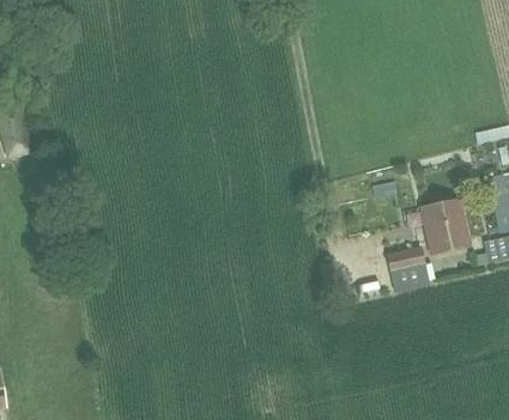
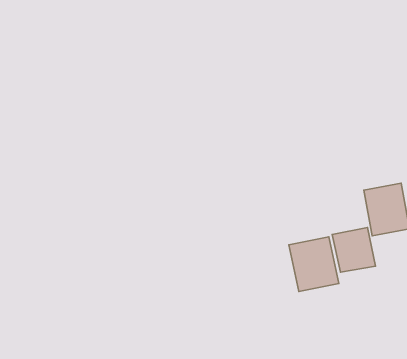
building: none -> [289,237,339,292]

